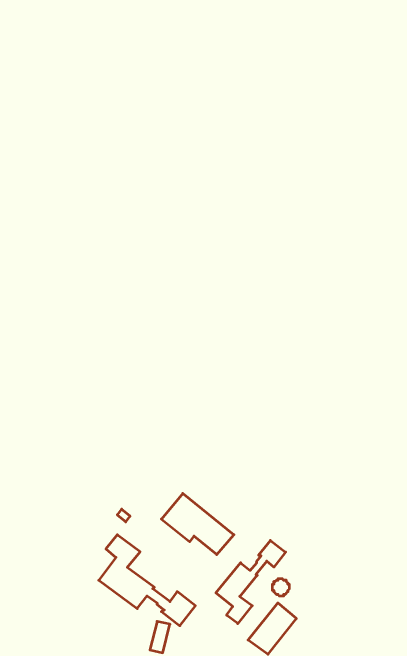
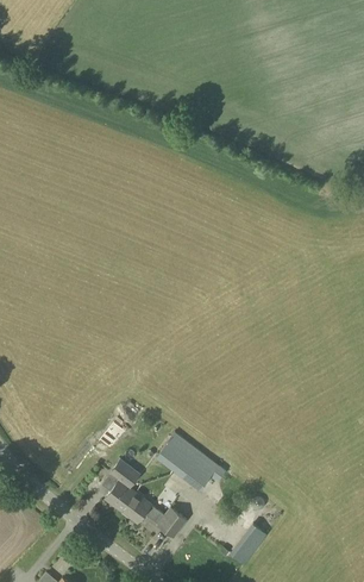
building: [216,540,286,624] -> none

